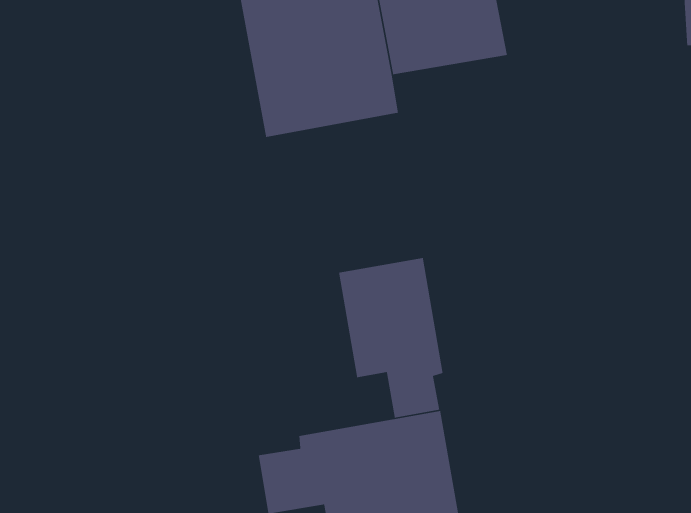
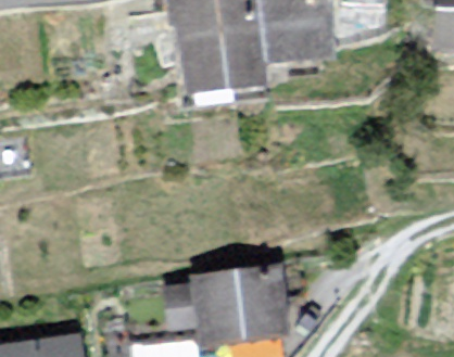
building: [338,257,444,419] -> none

